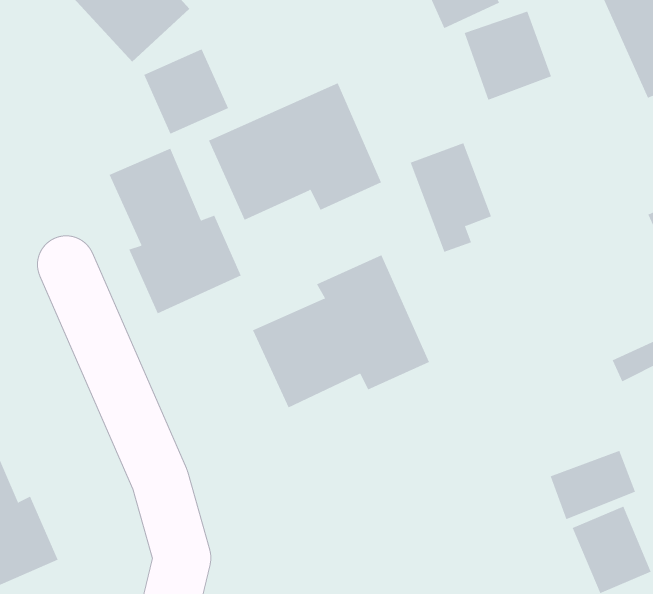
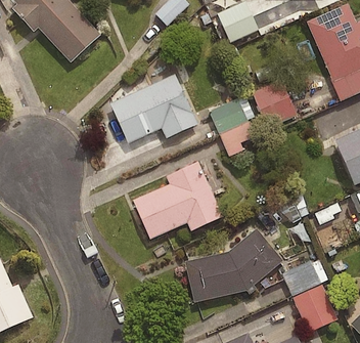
building: [464,11,552,101] -> [251,84,296,130]
building: [143,48,229,135] -> none
building: [109,148,242,314] -> none
building: none -> [183,227,282,301]

